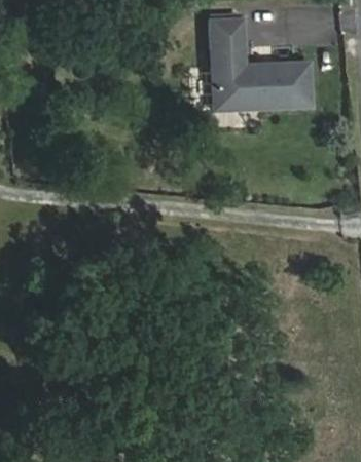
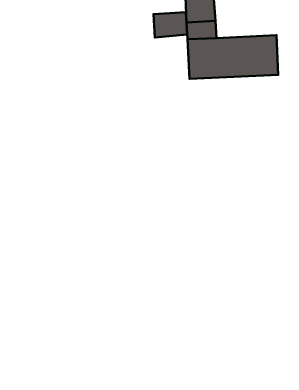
building: none -> [153,12,187,37]

